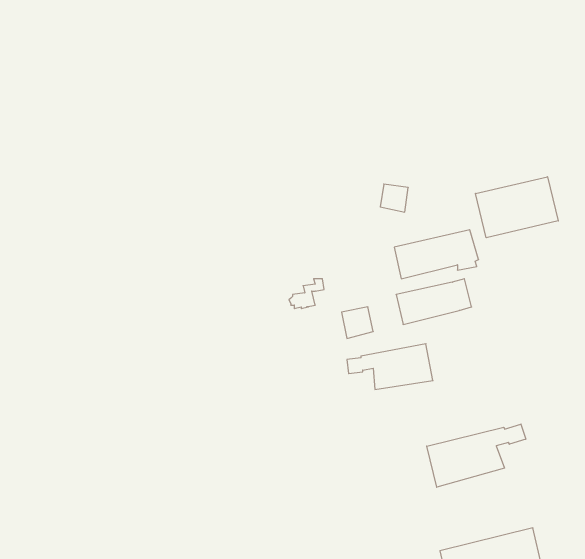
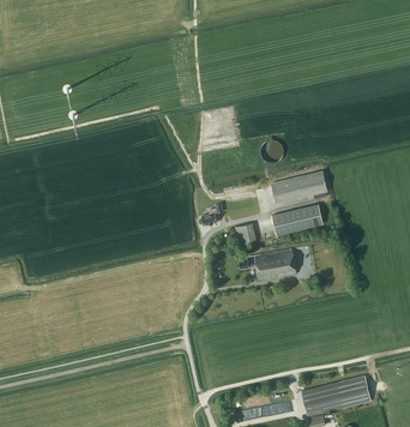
building: [475,177,558,238] -> none
building: [427,424,526,487] -> none

